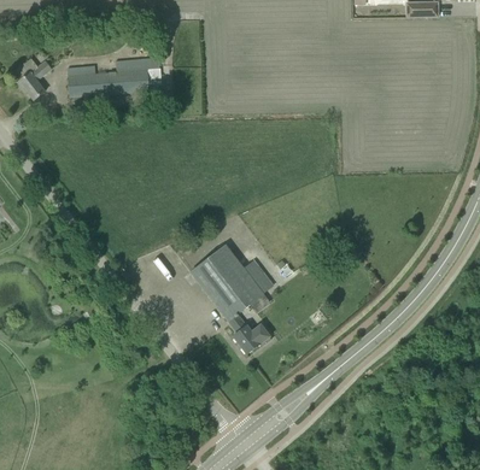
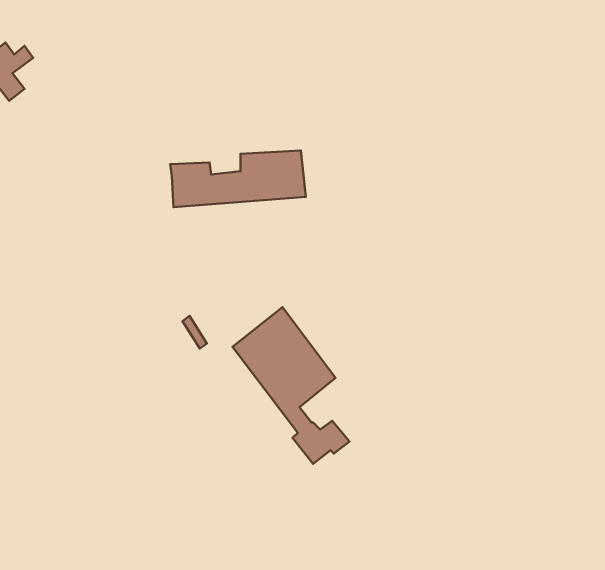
building: [66,57,162,96] -> [170,151,306,207]

